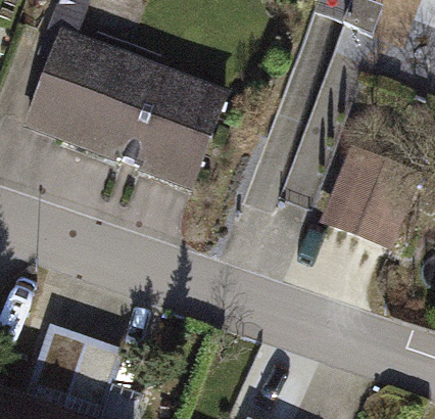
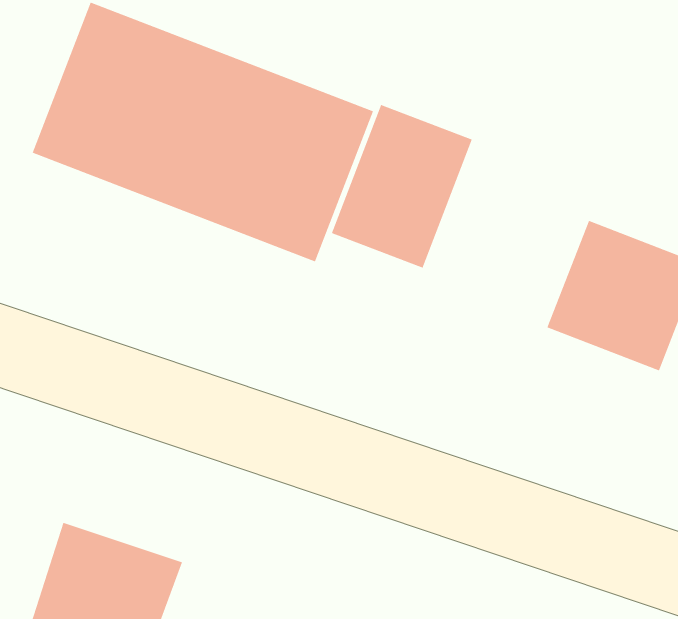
building: none -> [331,104,472,268]

